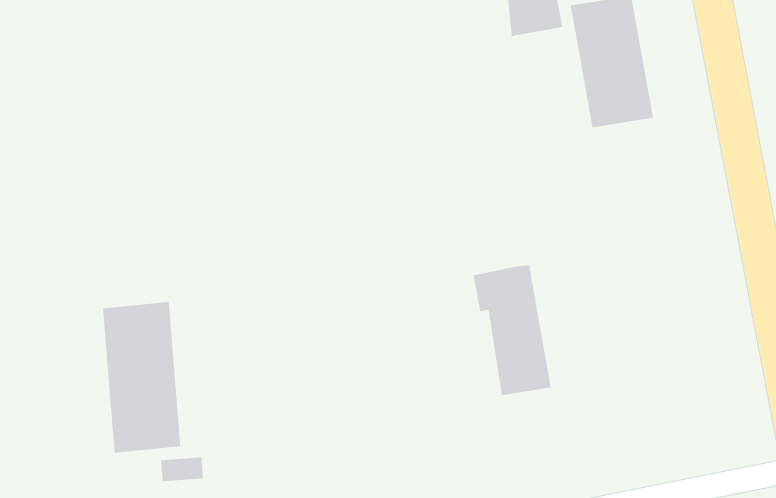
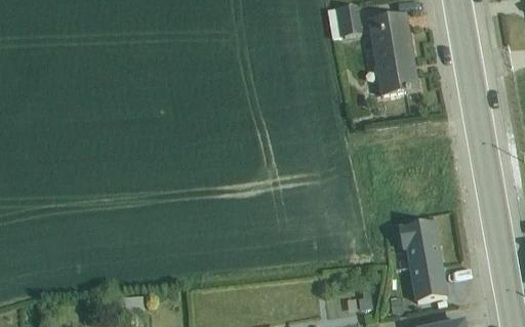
building: [473,265,552,396] -> [399,220,447,300]
building: [102,301,181,453] -> none

